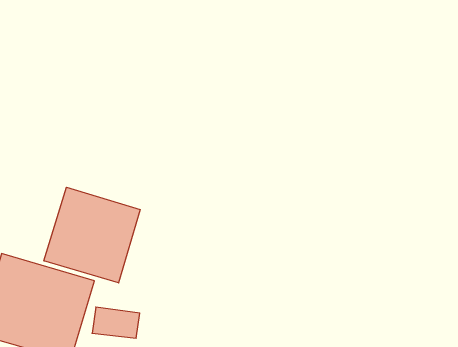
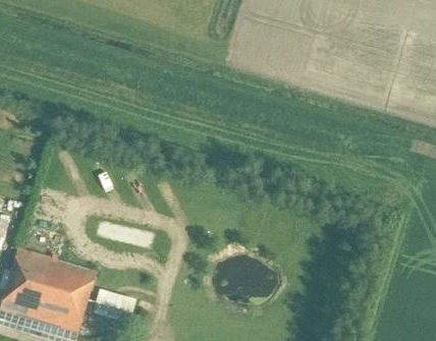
building: [44,187,140,283] -> none

